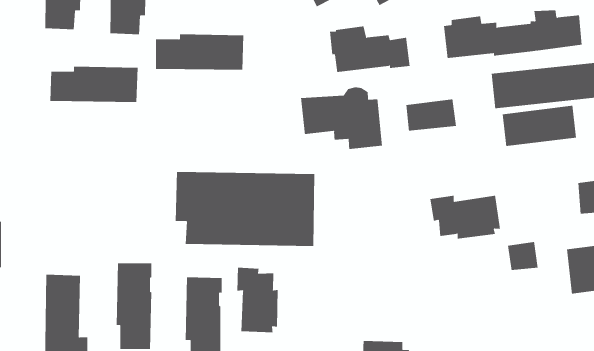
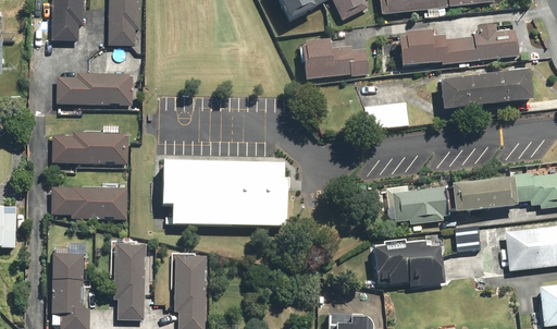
building: [155,34,244,70] -> [51,132,128,163]
building: [301,86,382,150] -> none
building: [502,105,577,147] -> [450,178,516,214]
building: none -> [50,186,127,219]
building: none -> [373,243,445,287]
building: [237,267,278,333] -> none

